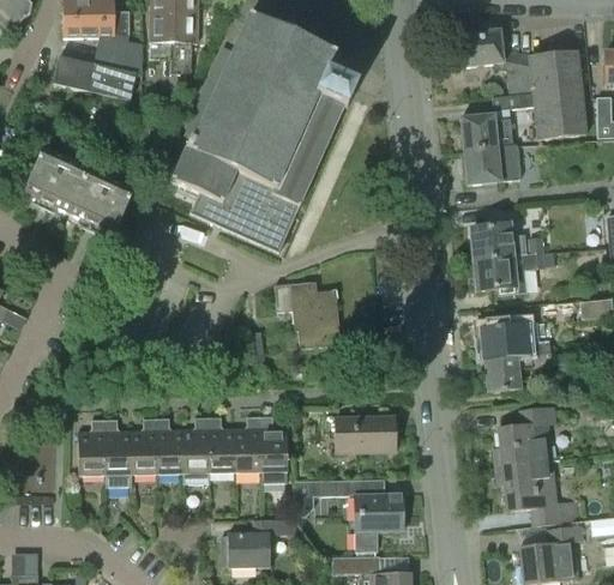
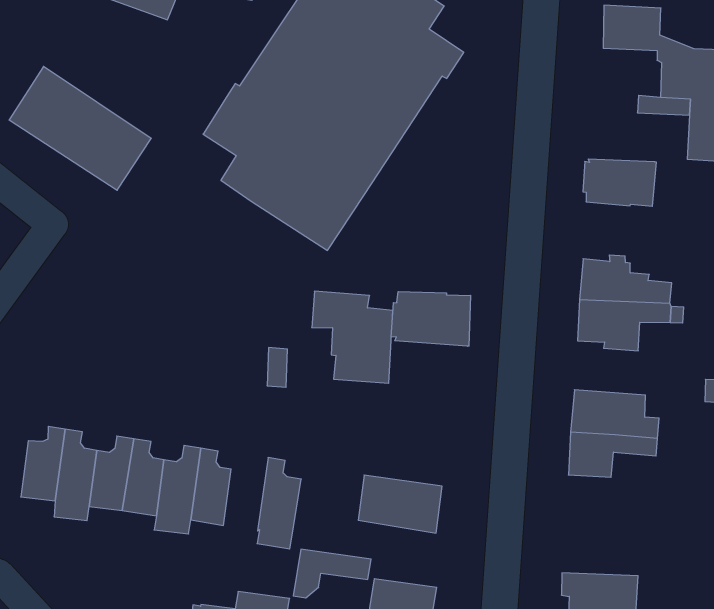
building: [460,114,513,151] -> none
building: none -> [391,292,471,346]
building: [492,405,554,465] -> none
building: [233,415,260,471] -> none

